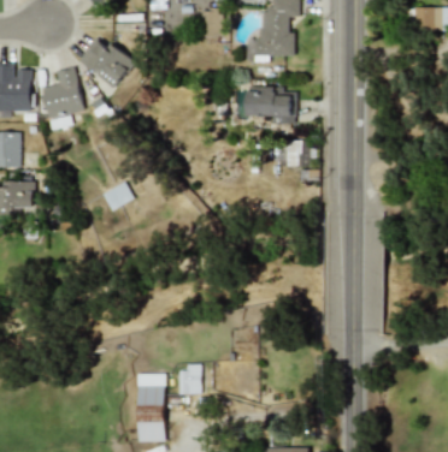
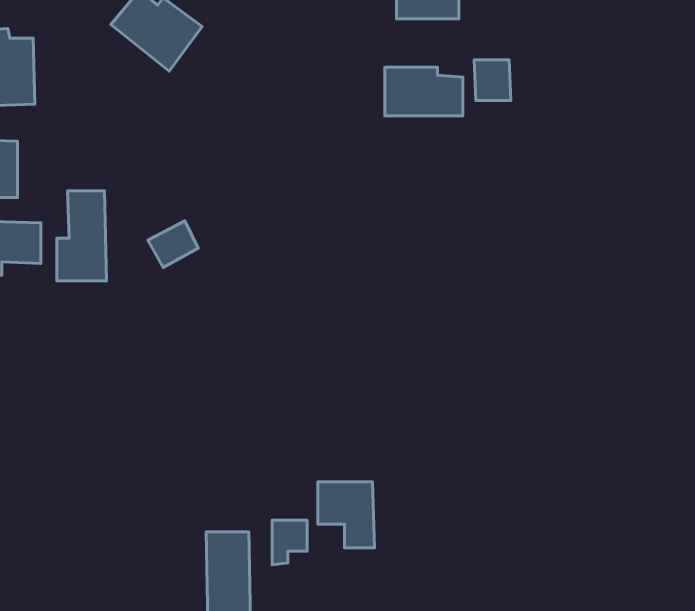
building: [42,67,83,117] -> none
building: [285,141,308,166] -> [474,60,511,101]
building: none -> [57,191,106,281]
building: none -> [318,482,374,548]

